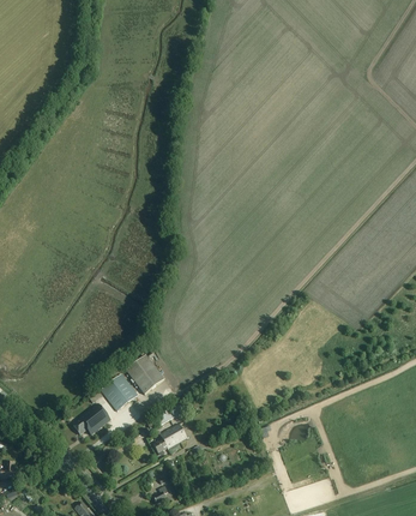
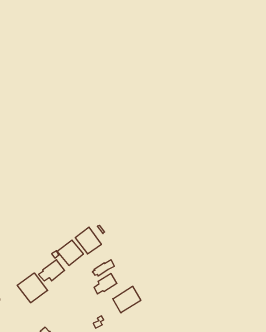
building: none -> [17,273,48,303]
building: none -> [113,286,141,313]

